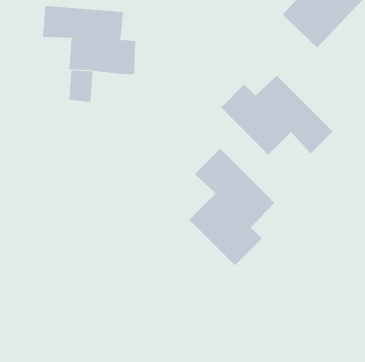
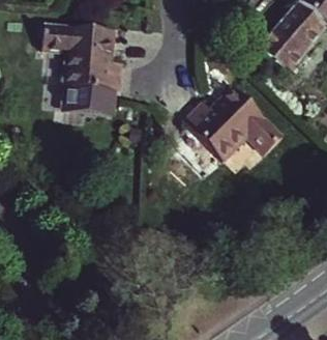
building: [189,148,275,266] -> none

